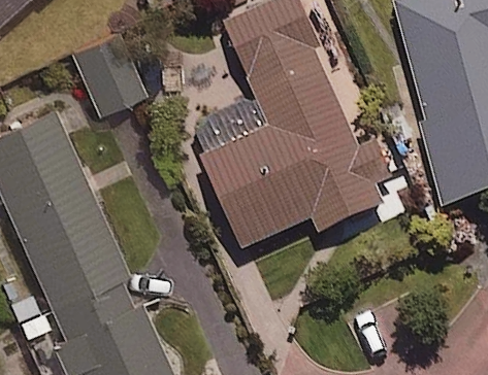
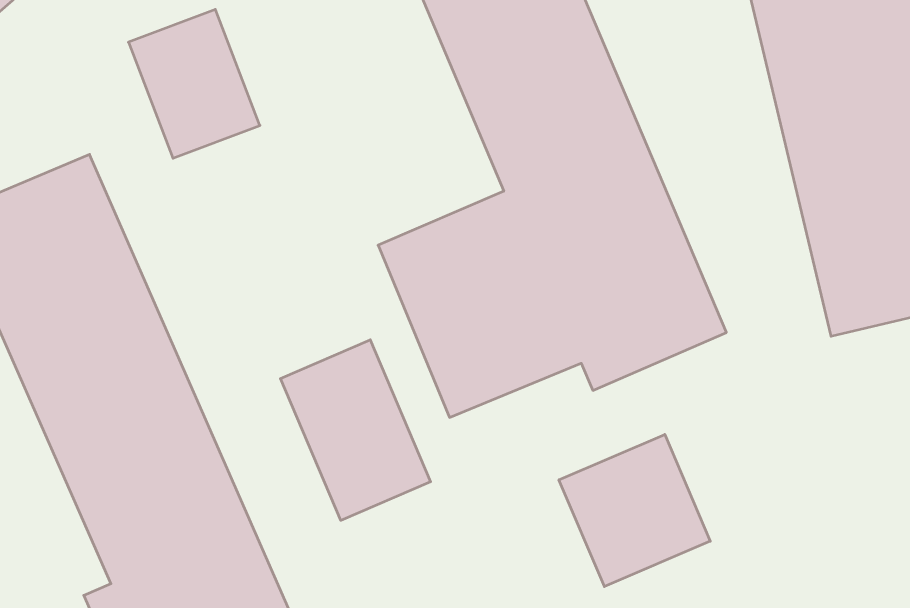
building: none -> [280,340,431,520]
building: none -> [559,434,710,587]

